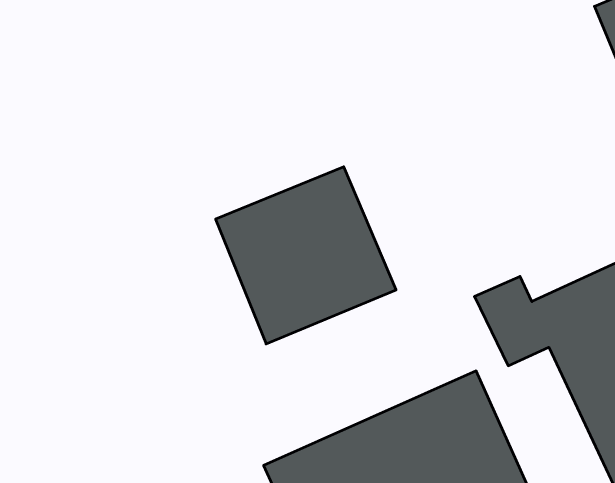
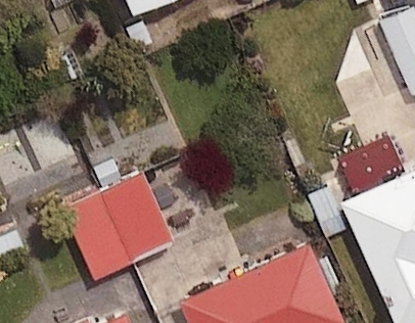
building: [216,167,396,344] -> [64,178,174,285]

